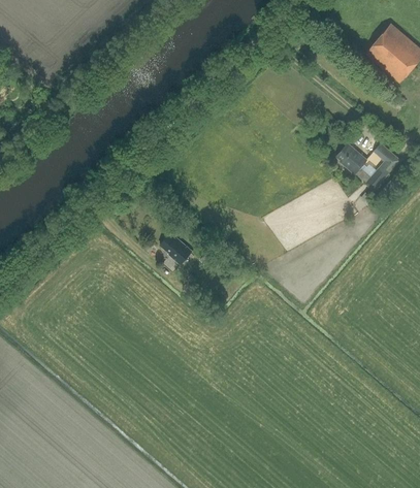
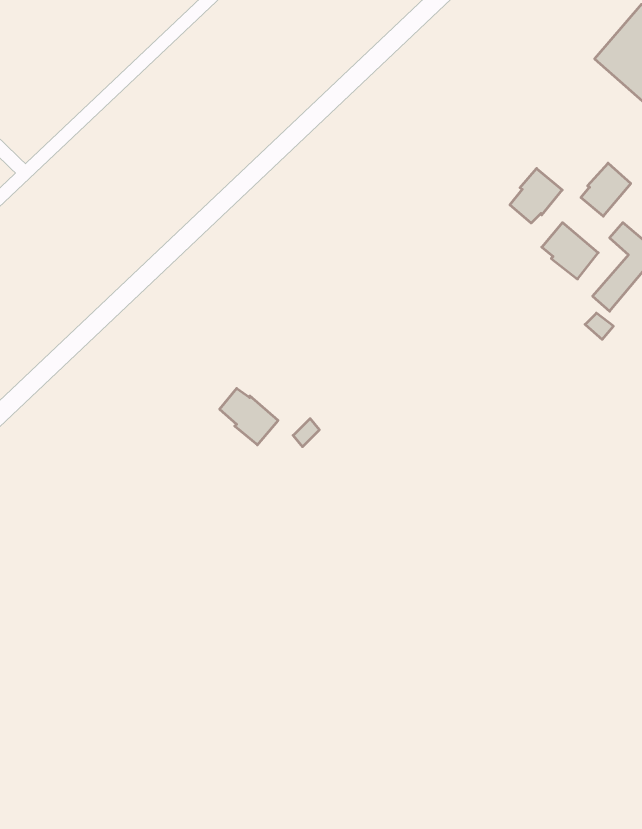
building: none -> [581,163,631,216]
building: none -> [510,168,562,223]

